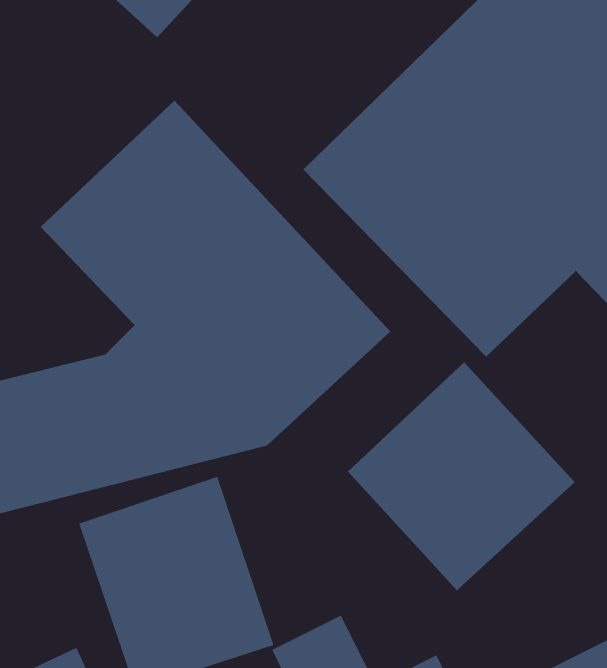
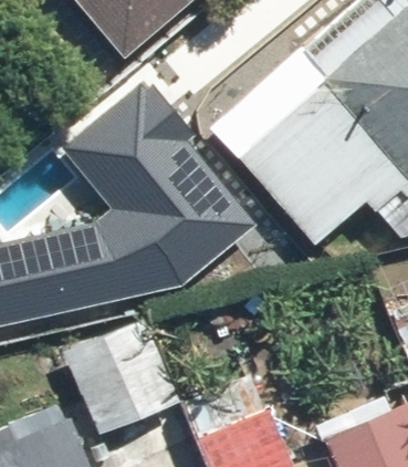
building: [347,362,575,591] -> none

